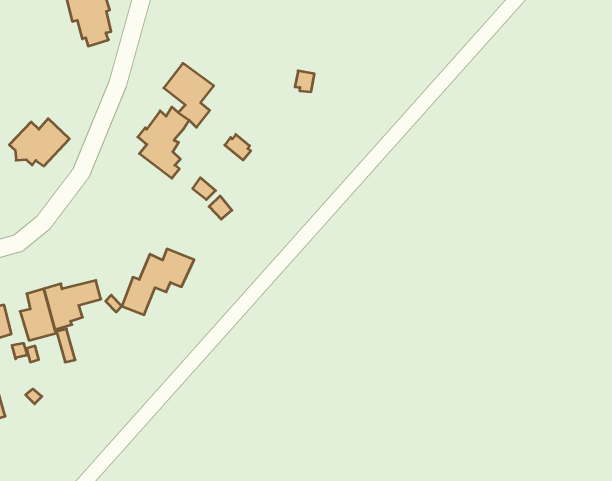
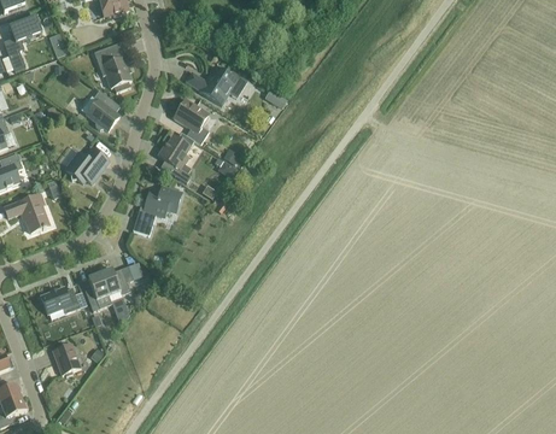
building: none -> [185,64,236,104]
building: none -> [86,89,118,130]
building: [122,249,194,315] -> [131,184,181,234]

